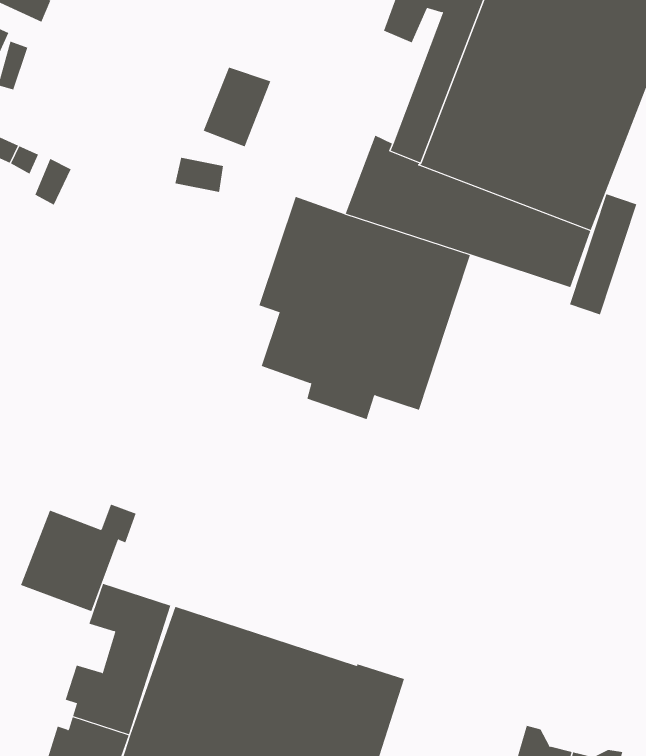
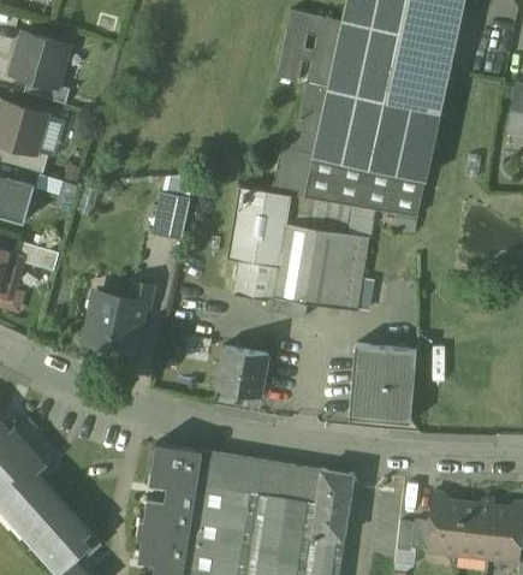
building: [203,67,271,147] -> [153,192,190,241]
building: [569,193,637,315] -> [337,235,369,310]
building: none -> [216,343,275,397]
building: none -> [351,340,418,420]
building: [20,504,136,612] -> [87,283,151,351]

